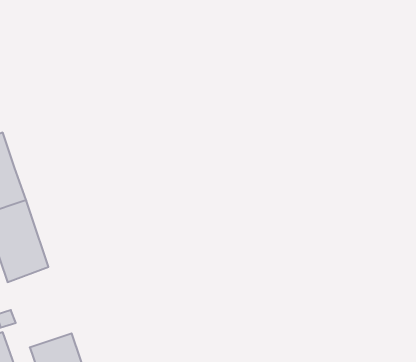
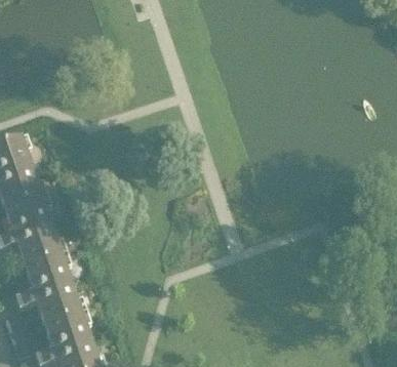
building: none -> [25,250,81,321]

